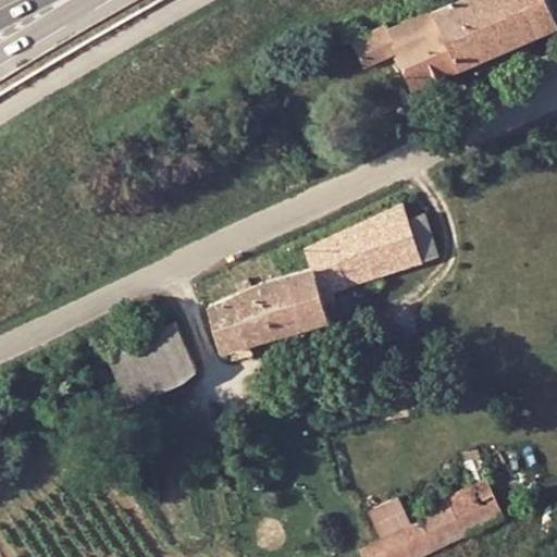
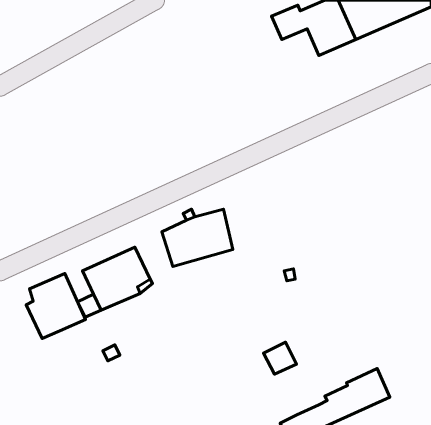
building: [288,207,438,330] -> none
building: none -> [26,273,85,338]
building: [369,502,411,543] -> [264,342,296,374]

